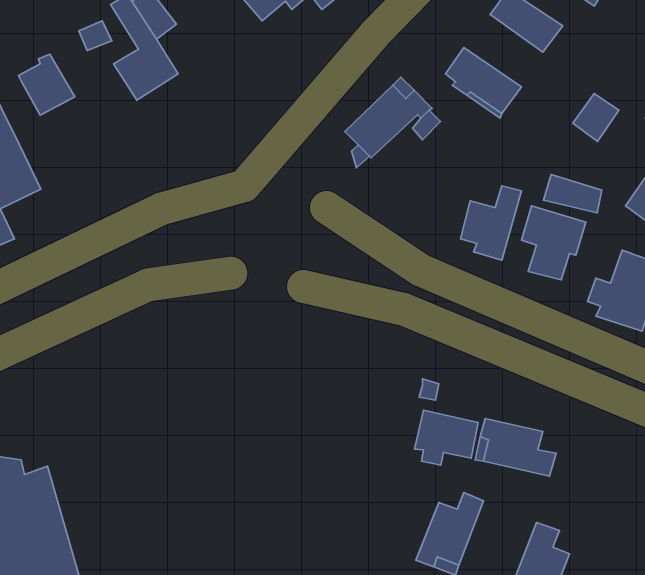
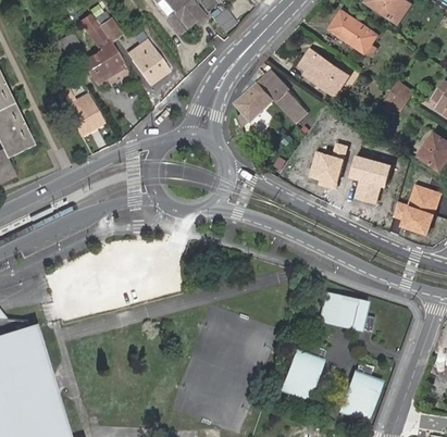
building: none -> [131,40,169,83]
building: [19,54,75,115] -> [69,96,105,136]
building: [544,175,602,213] -> none
building: [415,410,478,465] -> none

